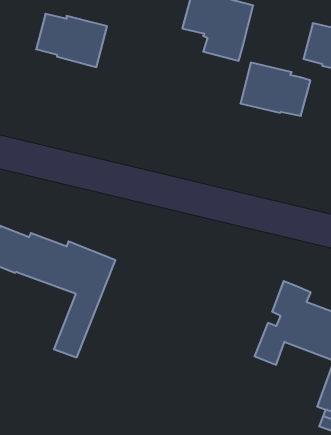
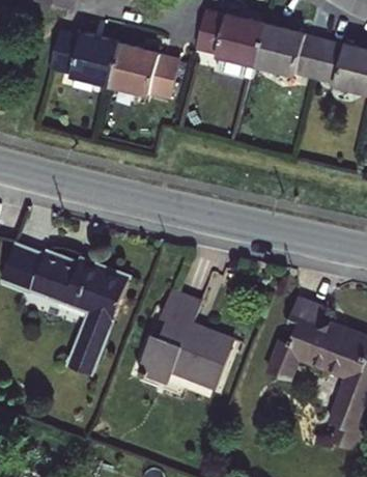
building: none -> [111,46,179,99]
building: [240,63,310,116] -> [256,25,326,78]
building: none -> [137,289,235,389]

